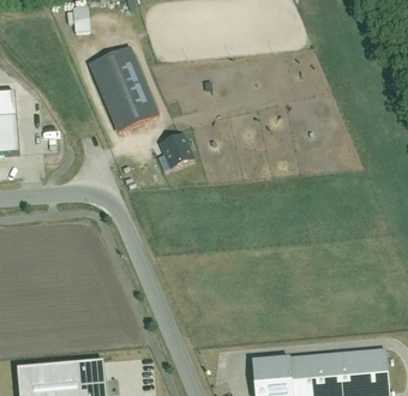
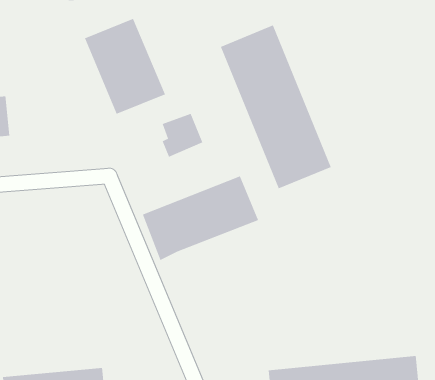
building: none -> [220,25,332,189]
building: none -> [142,176,259,261]

